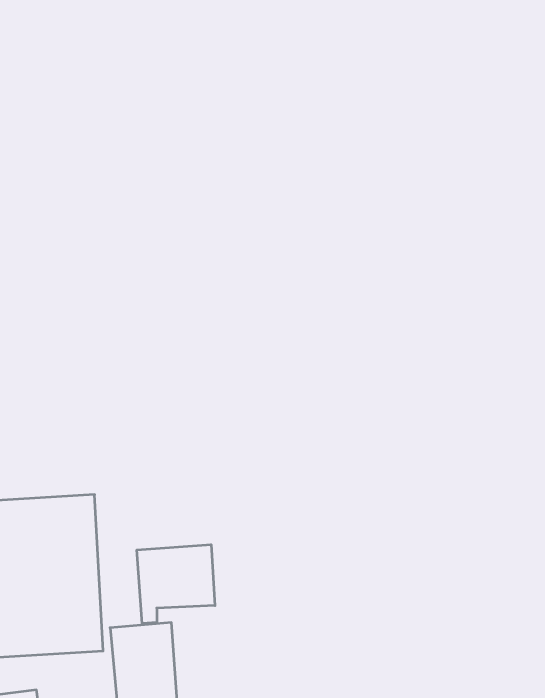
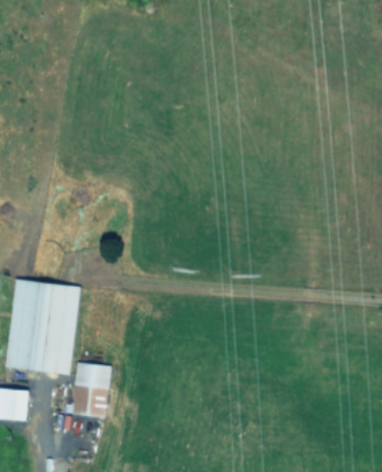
building: [137,545,215,623] -> none

